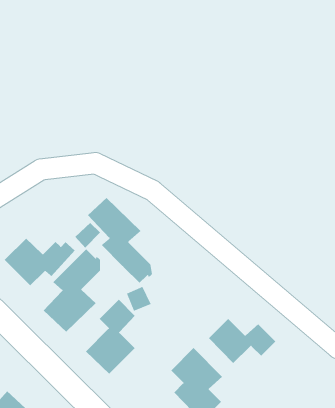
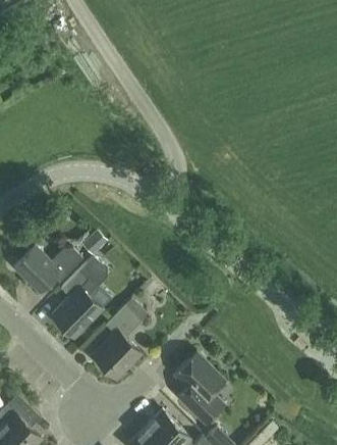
building: [87,197,152,284] -> none
building: [208,318,276,364] -> none

